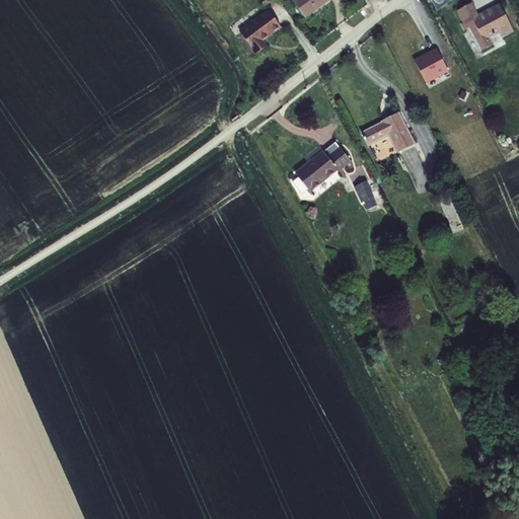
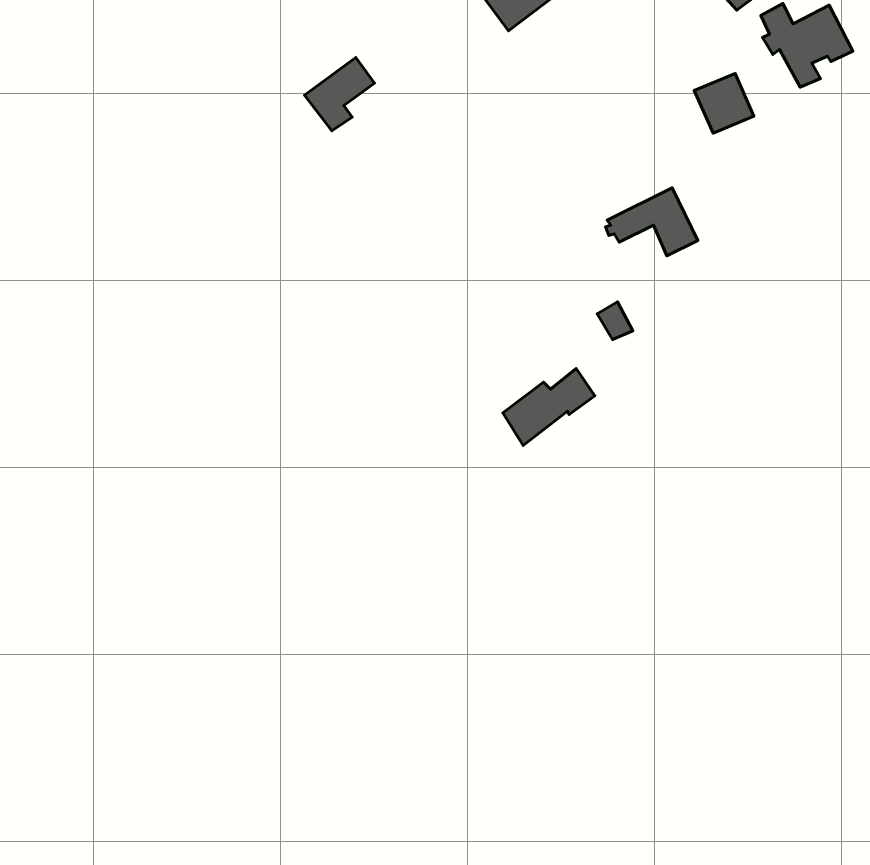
building: [240,14,282,58] -> [305,58,374,131]
building: [298,142,353,188] -> [503,369,595,445]

